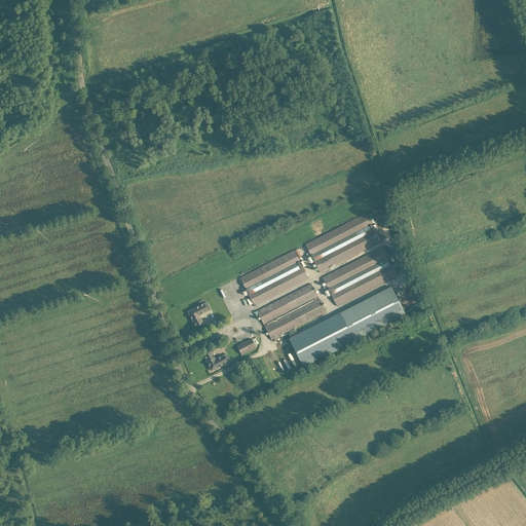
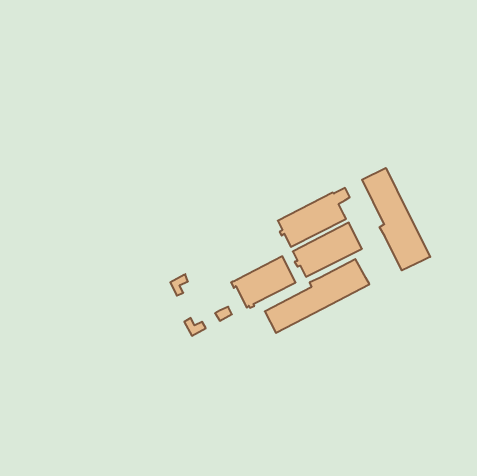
building: none -> [362,168,430,270]
building: [239,249,308,304] -> none

